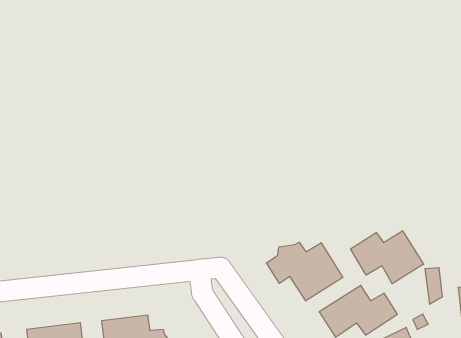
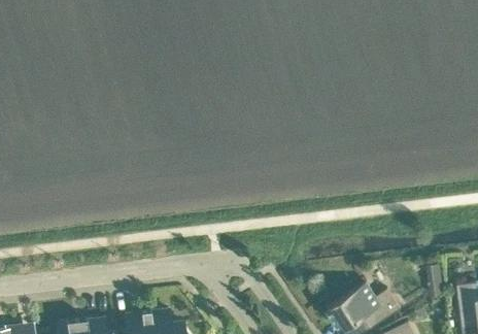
building: [351,231,424,284] -> none
building: [266,242,343,301] -> none

